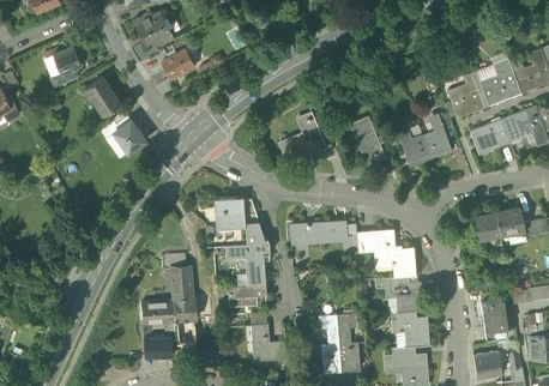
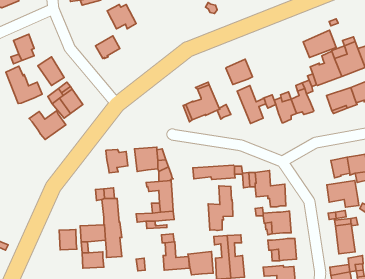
building: [134,13,173,46] -> [107,4,136,29]
building: none -> [303,30,336,58]
building: none -> [226,59,253,85]
building: none -> [6,66,42,103]
building: none -> [29,111,66,140]
building: none -> [106,149,128,173]
building: none -> [327,181,359,207]
building: none -> [208,186,233,230]
building: none -> [59,229,77,250]
building: none -> [188,251,213,275]

